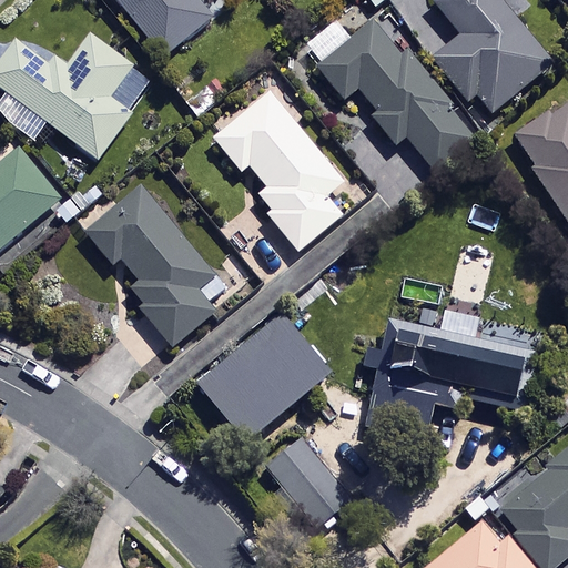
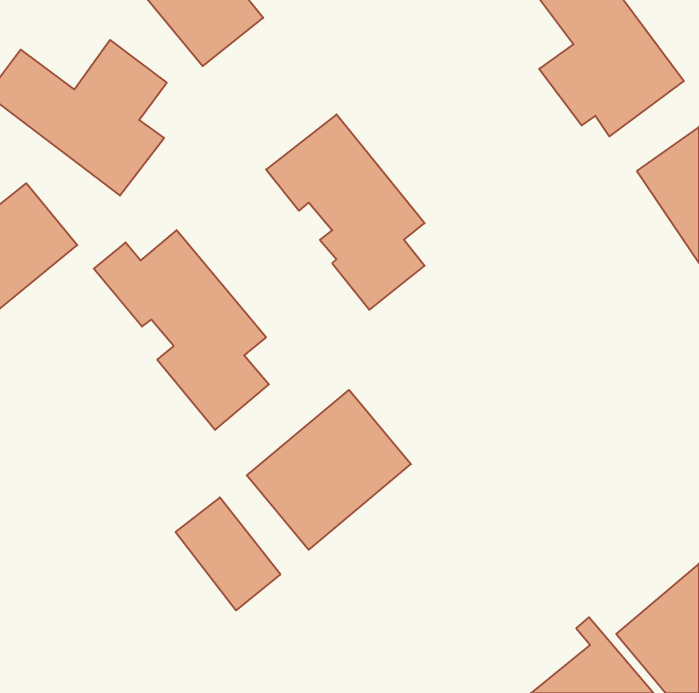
building: [318,21,477,171] -> none
building: [352,321,537,439] -> none
building: [266,437,351,528] -> [176,497,280,610]

